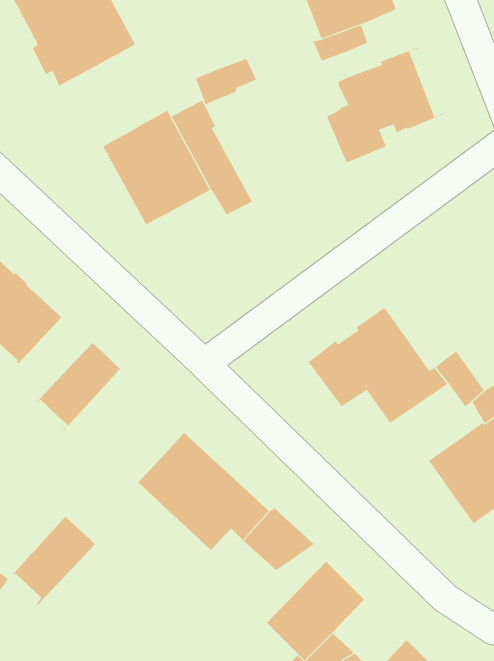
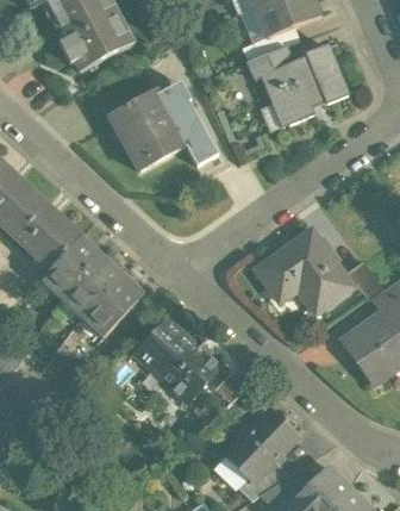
building: [195,58,257,105] -> [248,46,292,80]
building: none -> [42,235,102,299]
building: [9,516,96,606] -> [82,273,144,337]

